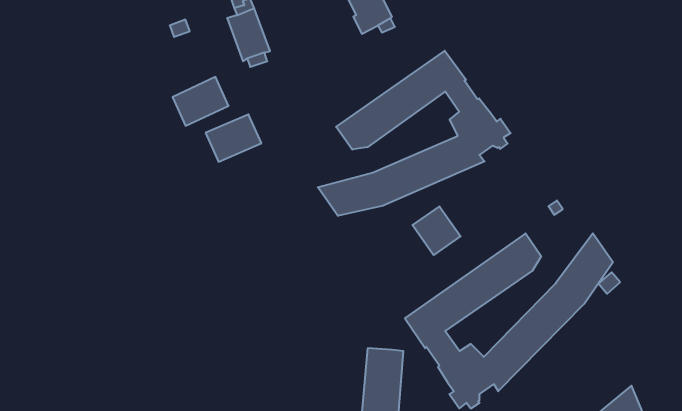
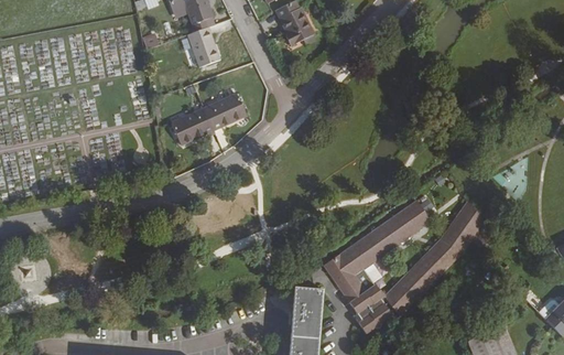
building: [318,51,511,216] -> none
building: [173,77,229,126] -> [204,92,247,129]
building: [412,206,461,255] -> none

